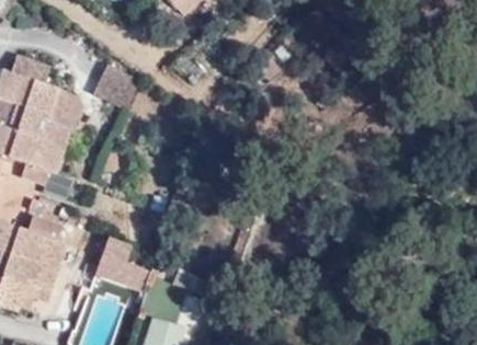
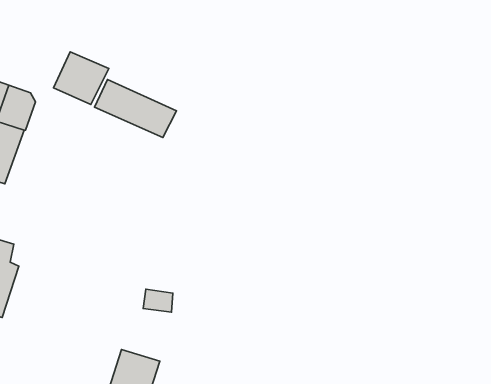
building: none -> [94,80,177,137]
building: [95,251,157,290] -> none

